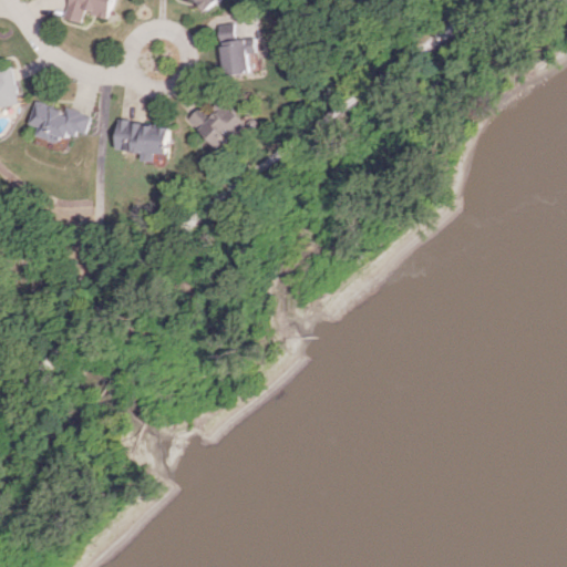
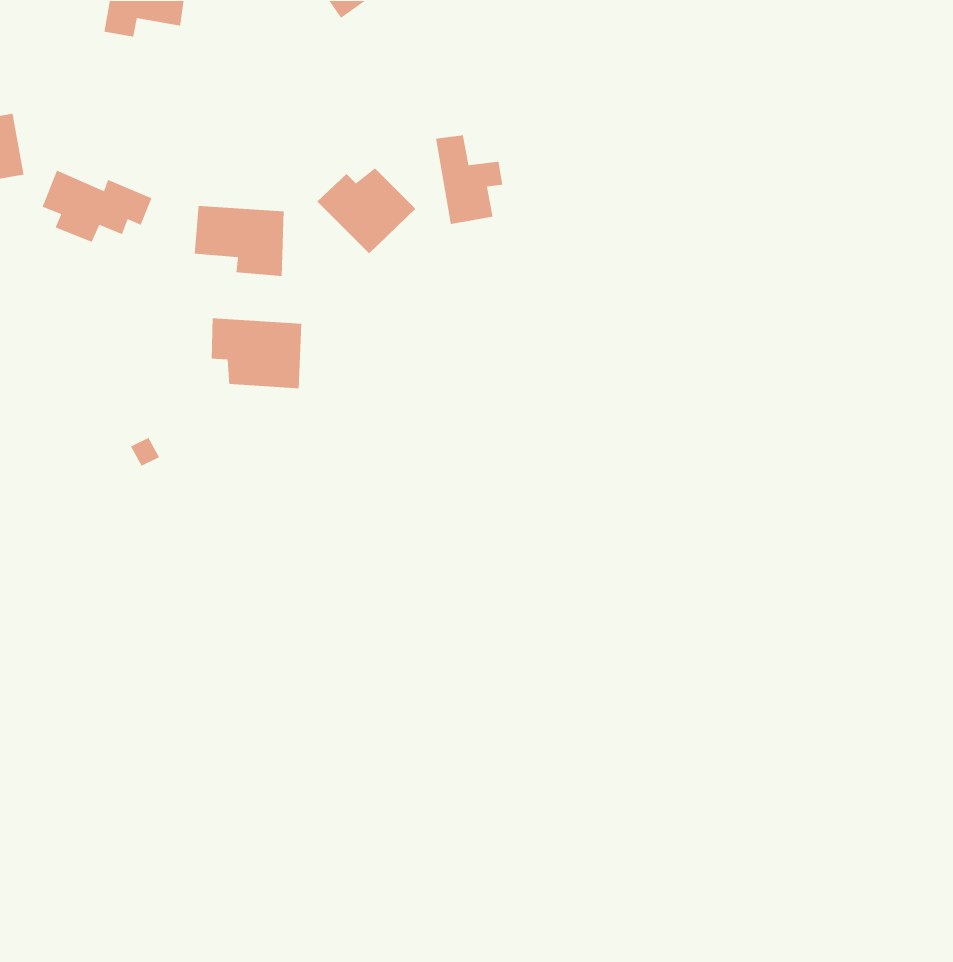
building: [215,22,255,75] -> [435,134,503,225]
building: none -> [211,317,302,389]

